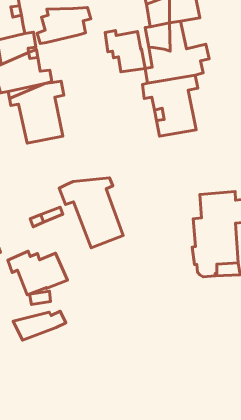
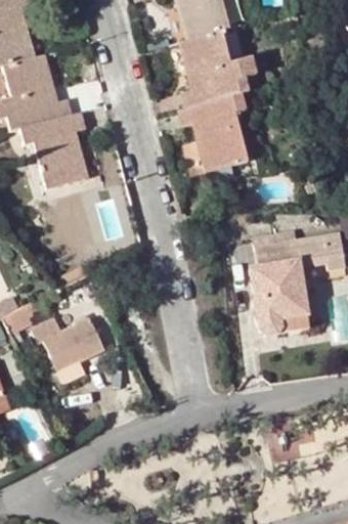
building: [37,8,91,44] -> none
building: [105,30,145,72] -> none
building: [59,178,123,248] -> none
building: [13,311,66,340] -> none

